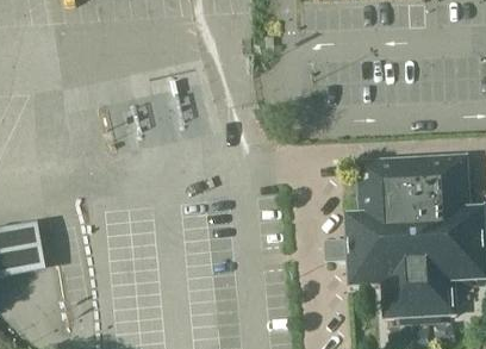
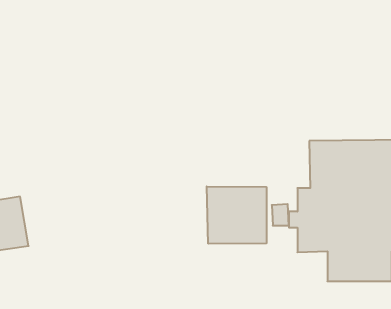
building: none -> [207,186,266,244]

